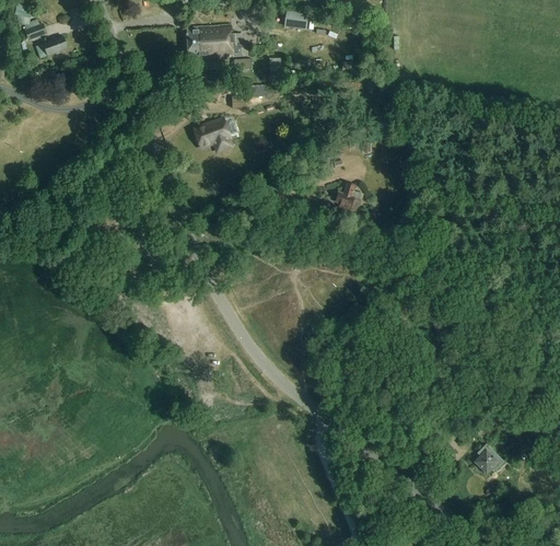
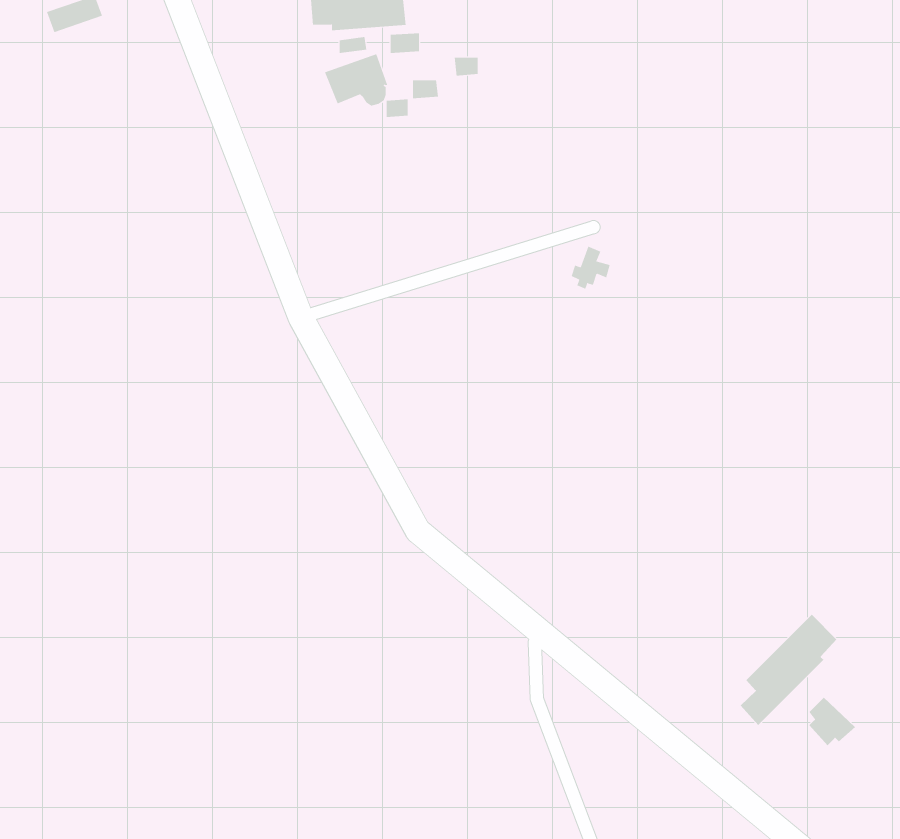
building: [195,118,232,149] -> [324,53,388,106]
building: none -> [740,614,837,726]

